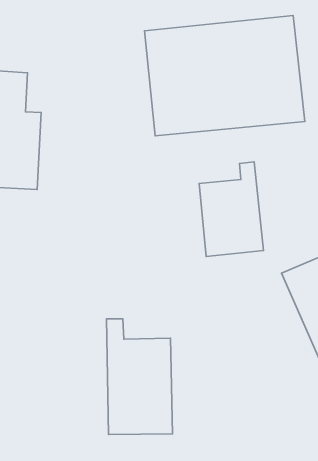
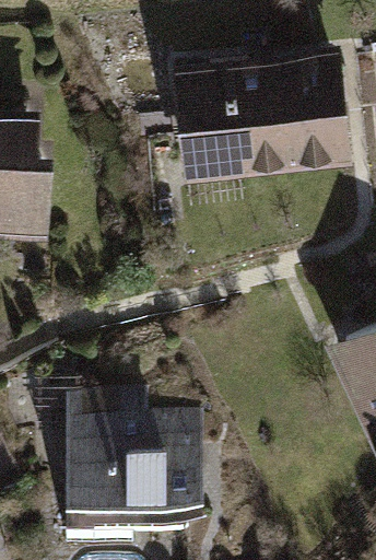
building: [199,162,263,256] -> none
building: none -> [50,392,131,523]

